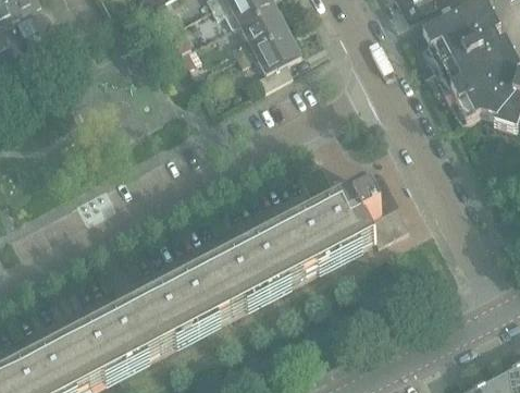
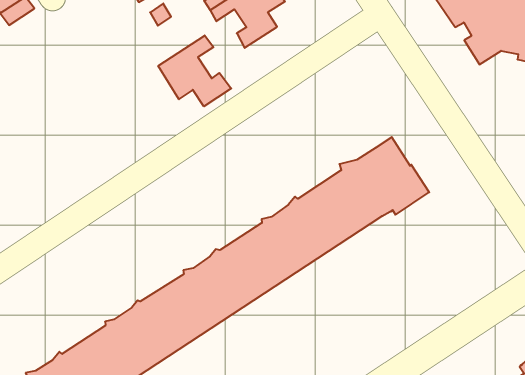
building: none -> [158,35,231,106]

